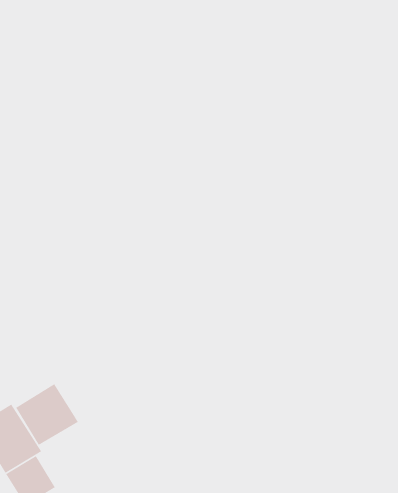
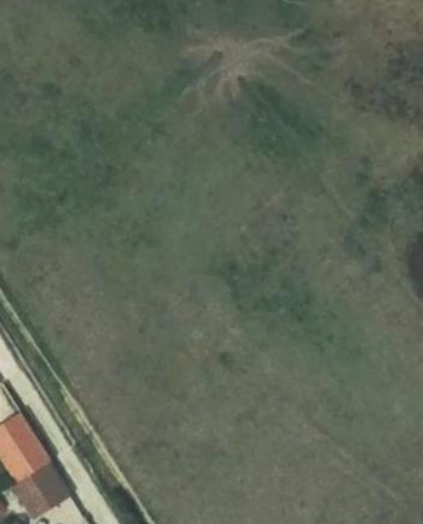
building: [15,383,79,446] -> none

